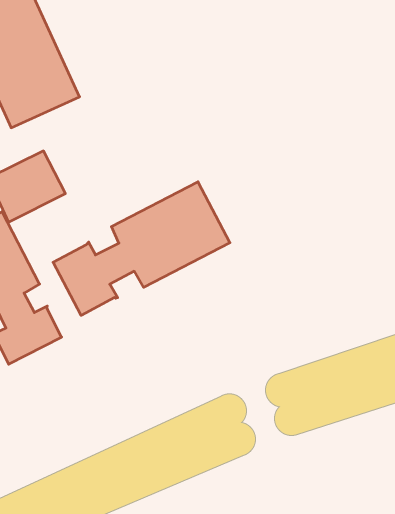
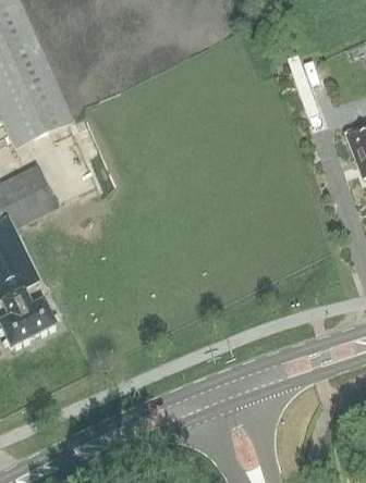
building: [53,182,230,315] -> none

